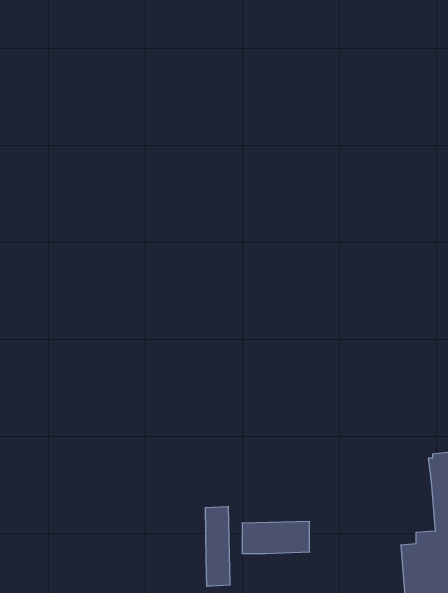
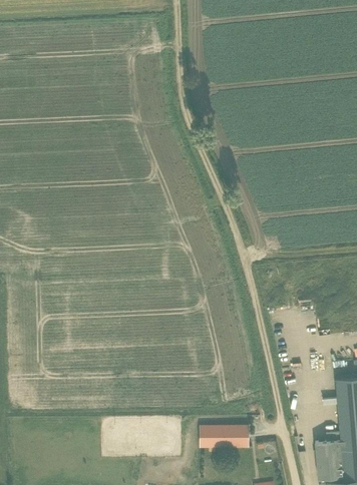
building: [205,506,230,586] -> none

